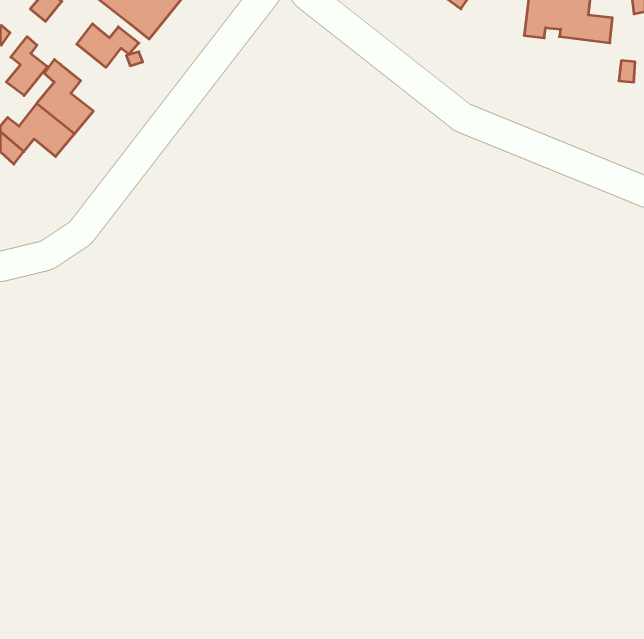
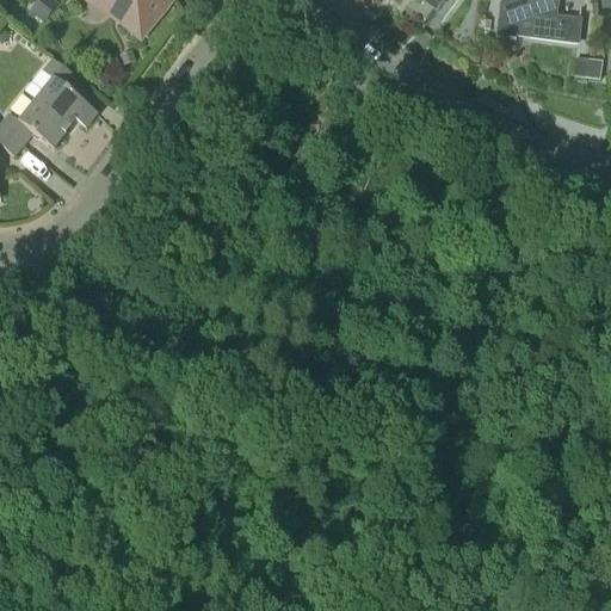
building: [77,24,139,67] -> none
building: [6,37,47,96] -> none

